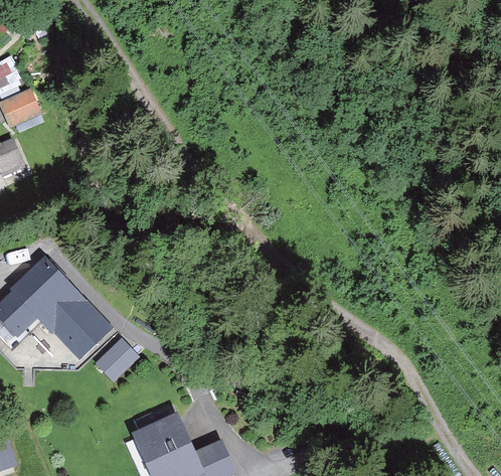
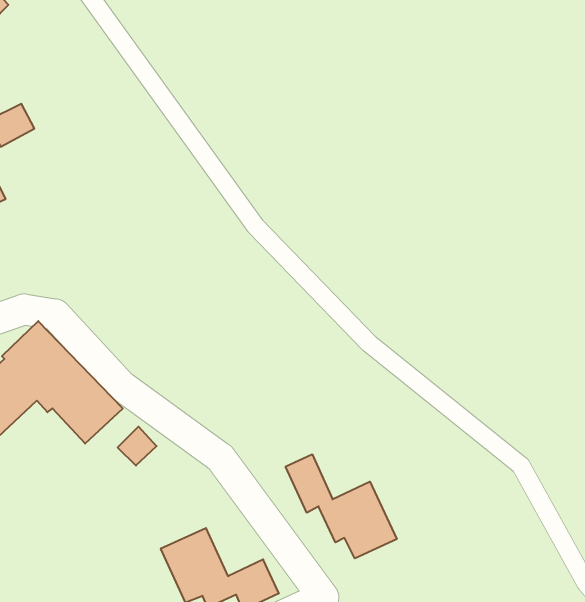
building: none -> [286,454,397,558]

